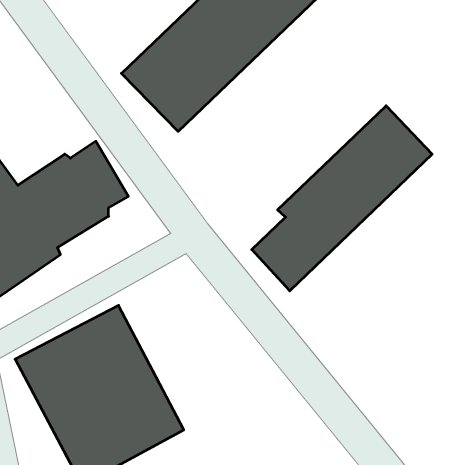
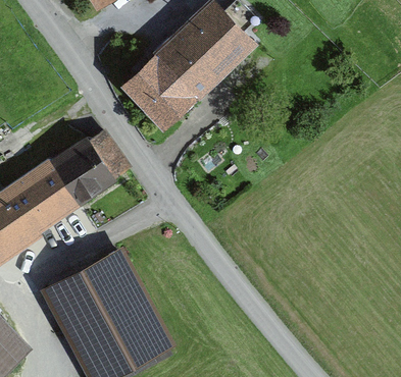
building: [252,106,432,291] -> none

